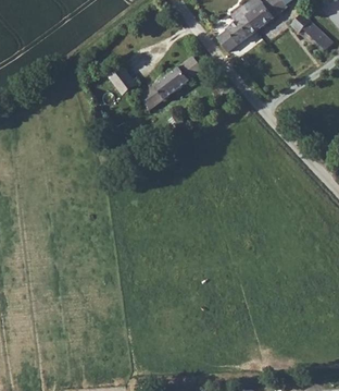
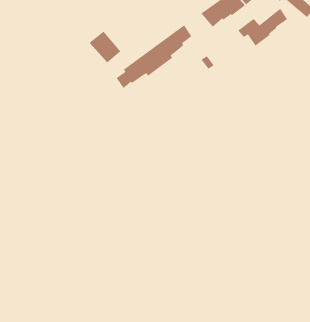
building: none -> [237,8,288,47]

